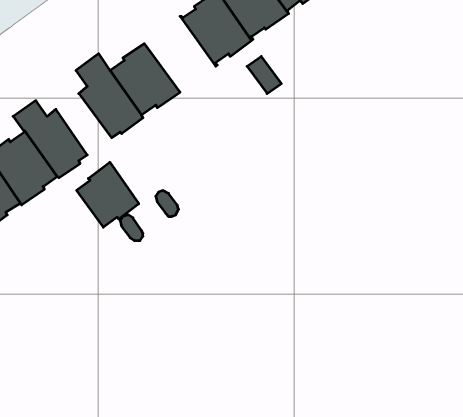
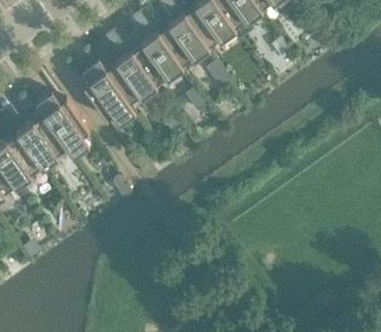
building: none -> [130,32,182,87]
building: [77,162,139,227] -> none

